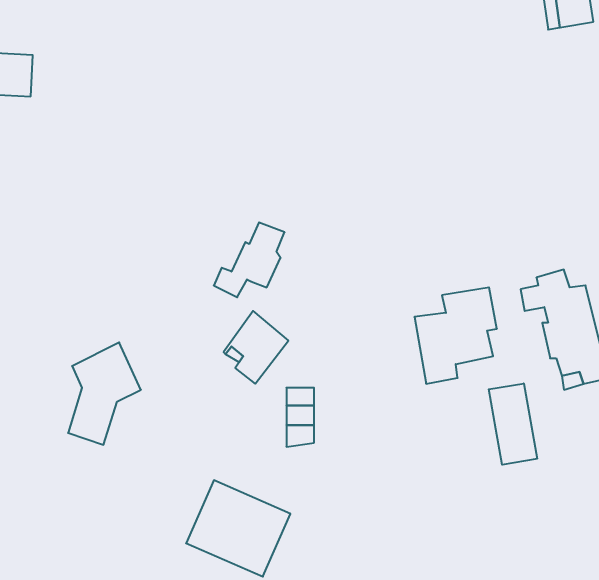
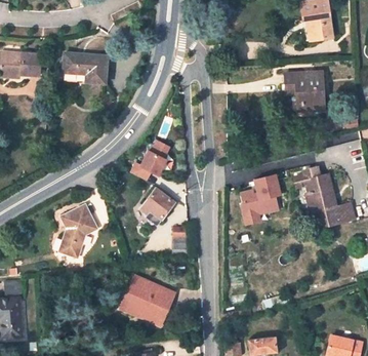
building: none -> [63,53,108,83]
building: none -> [284,71,324,110]
building: [489,383,537,465] -> none

